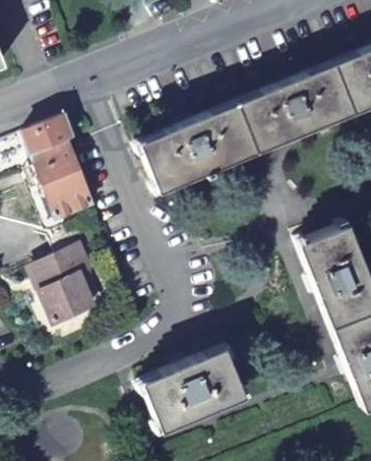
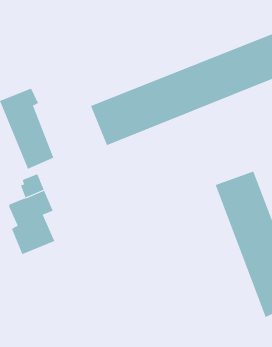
building: [138,345,243,425] -> none

